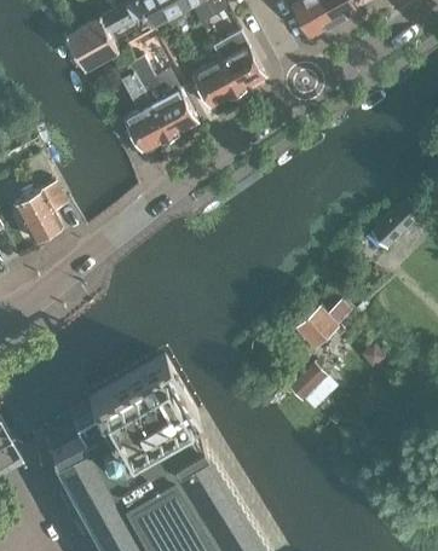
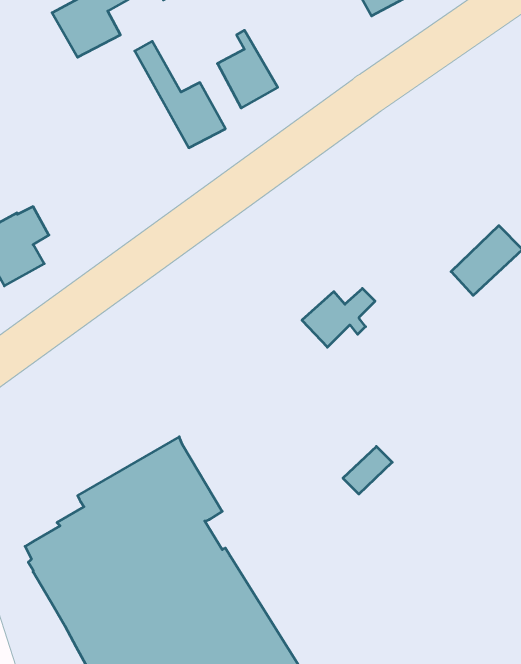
building: [213,31,265,92] -> none
building: [120,64,171,153] -> none
building: [295,302,351,347] -> [302,288,375,347]

